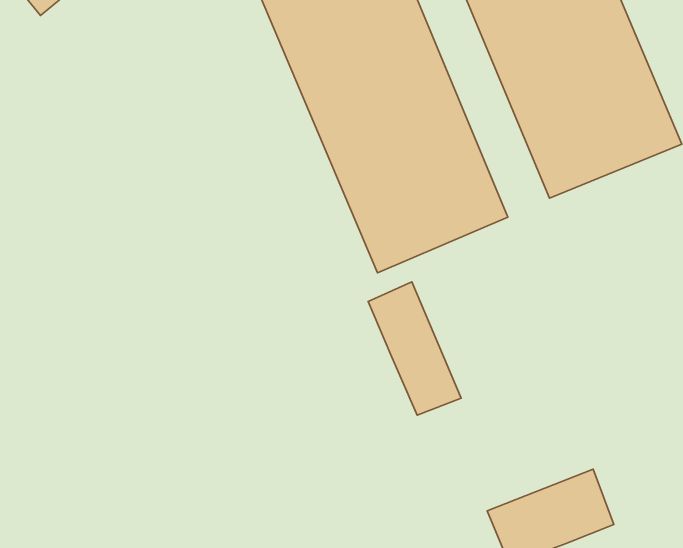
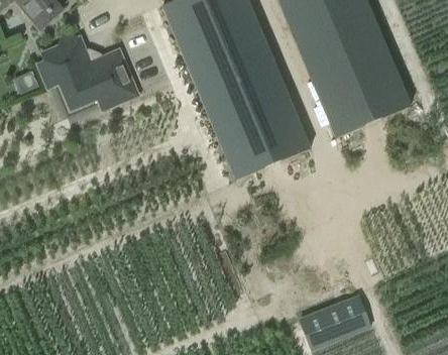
building: none -> [41,35,135,108]
building: [368,282,461,415] -> none

